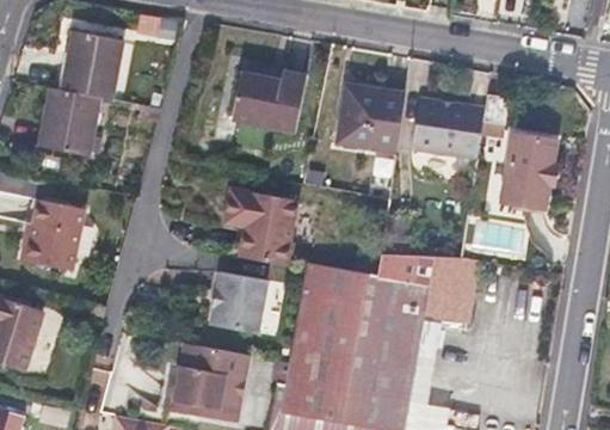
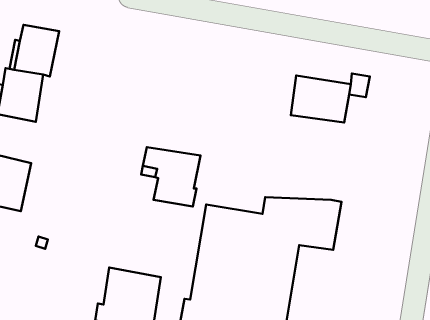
building: [233,72,308,135] -> none
building: [339,87,403,153] -> none
building: [507,133,557,205] -> none
building: [210,271,266,331] -> none

